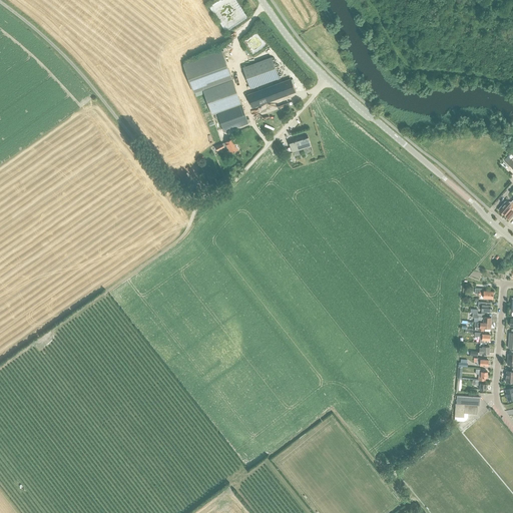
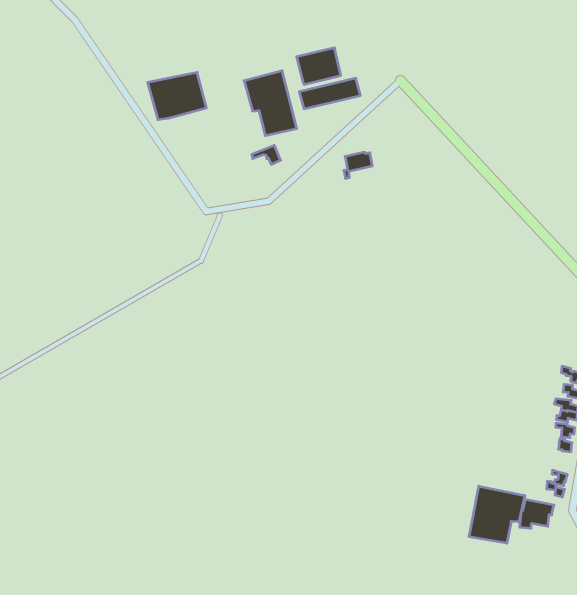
building: [184,52,232,92] -> [148,72,206,120]
building: none -> [469,486,525,543]

